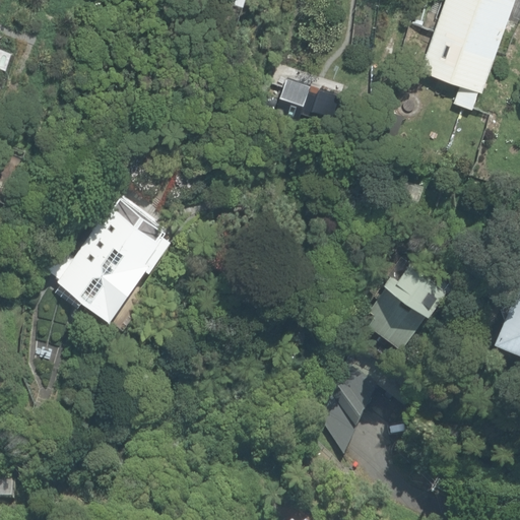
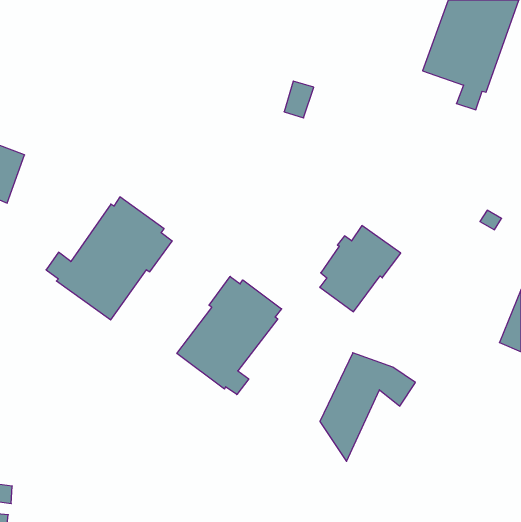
building: [367,264,447,349] -> [320,226,401,312]
building: none -> [177,276,282,395]

